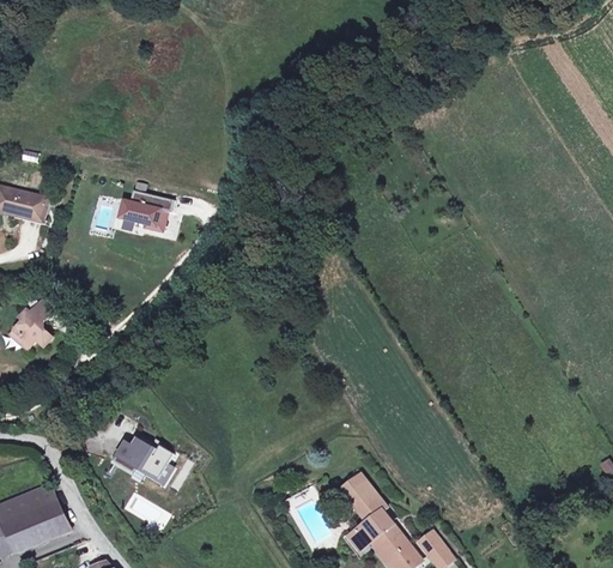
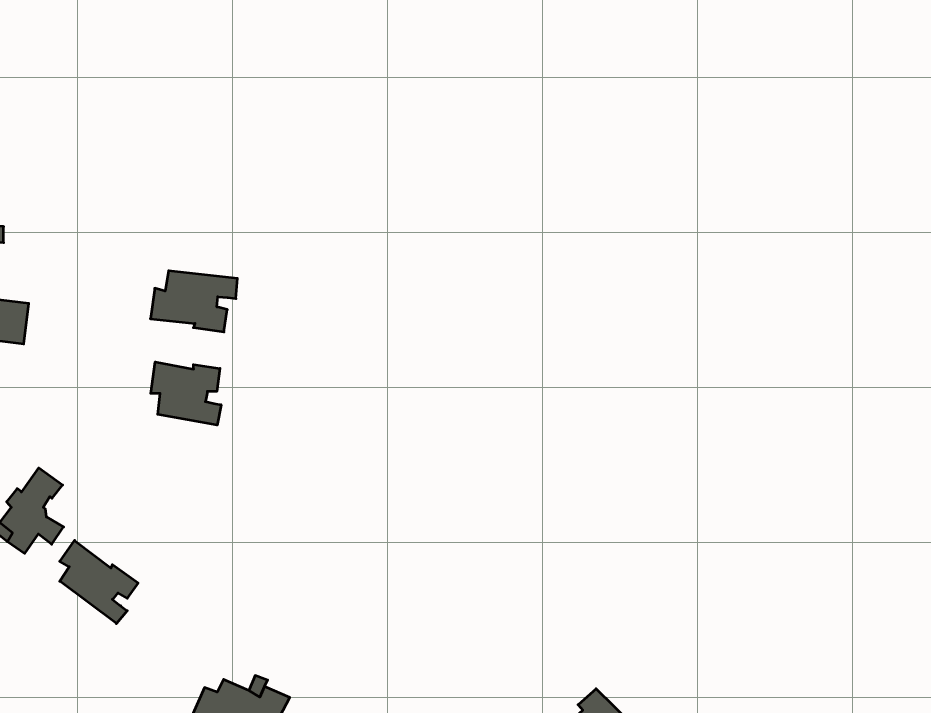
building: none -> [151,362,221,425]
building: none -> [60,540,138,624]

